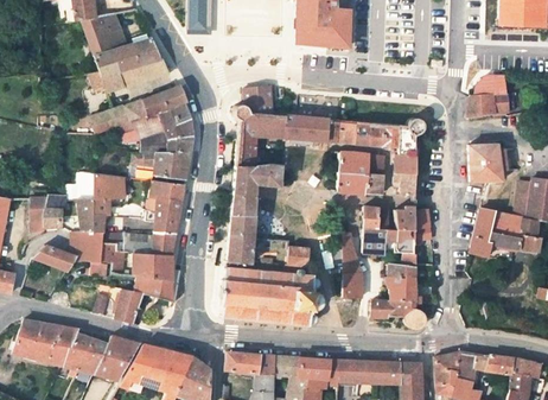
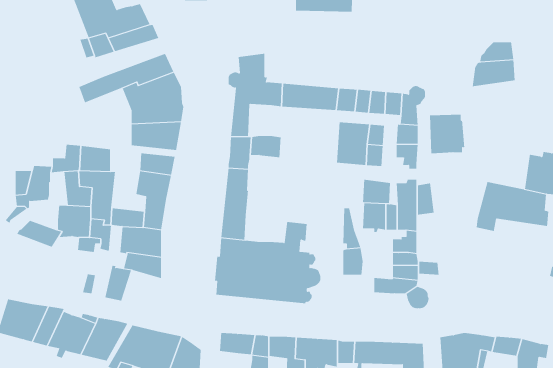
building: [469,142,503,180] -> [429,114,465,154]

